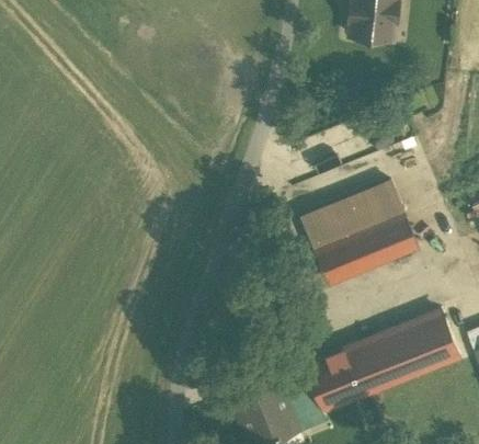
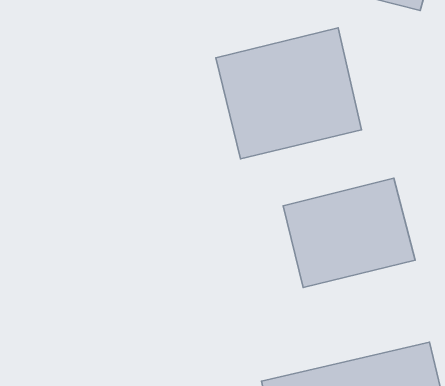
building: none -> [216,28,362,159]

